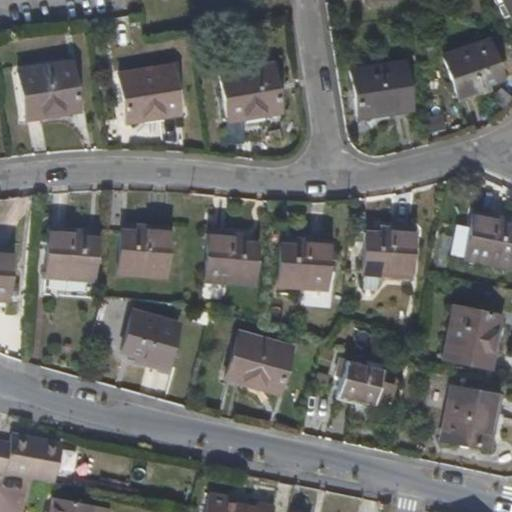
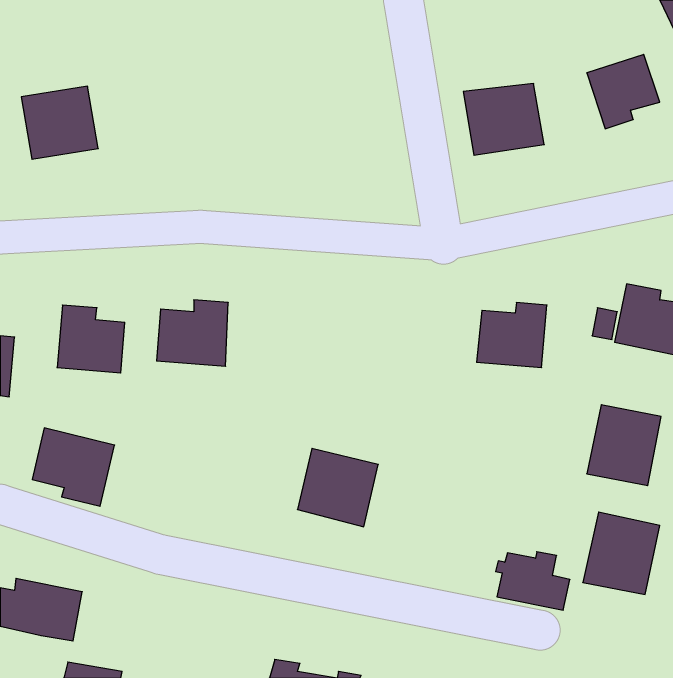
building: [224,66,282,122] -> none
building: [122,67,182,122] -> none
building: [206,233,258,284] -> none
building: [279,240,332,288] -> none
building: [116,309,178,368] -> [32,428,115,506]
building: [339,361,395,405] -> [496,552,570,610]

